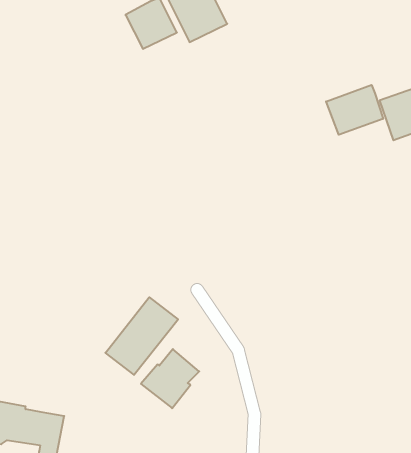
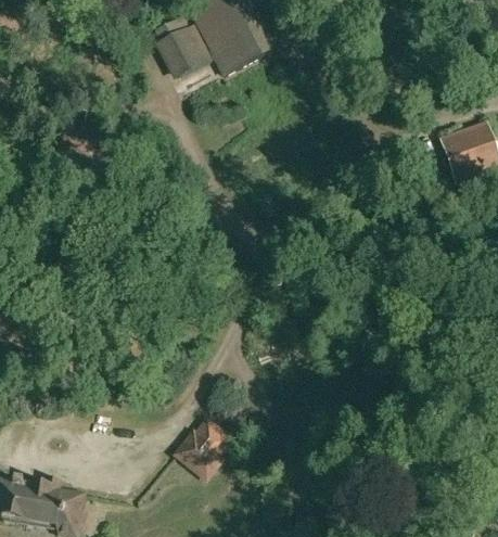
building: [326,85,383,135] -> none
building: [105,297,178,375] -> none

